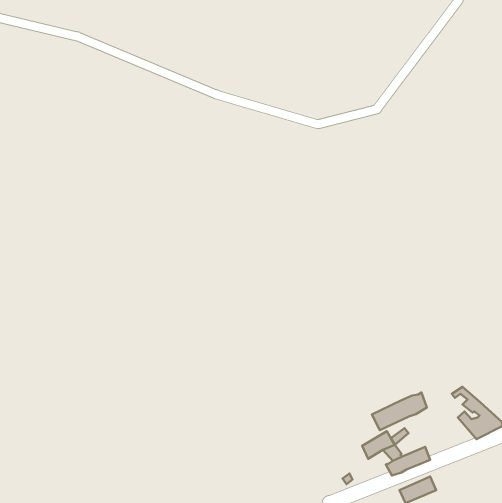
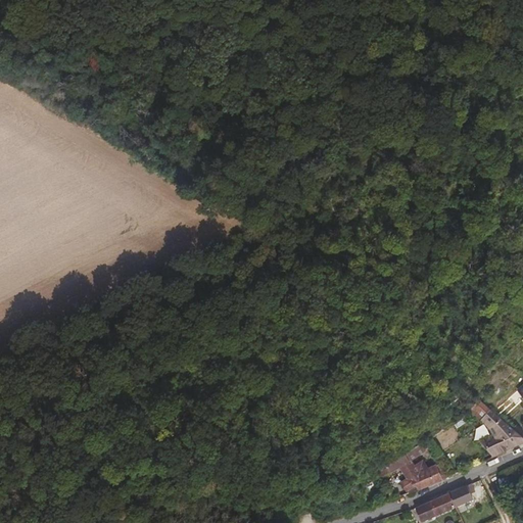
building: [372,392,427,430] -> none
building: none -> [446,484,476,509]

